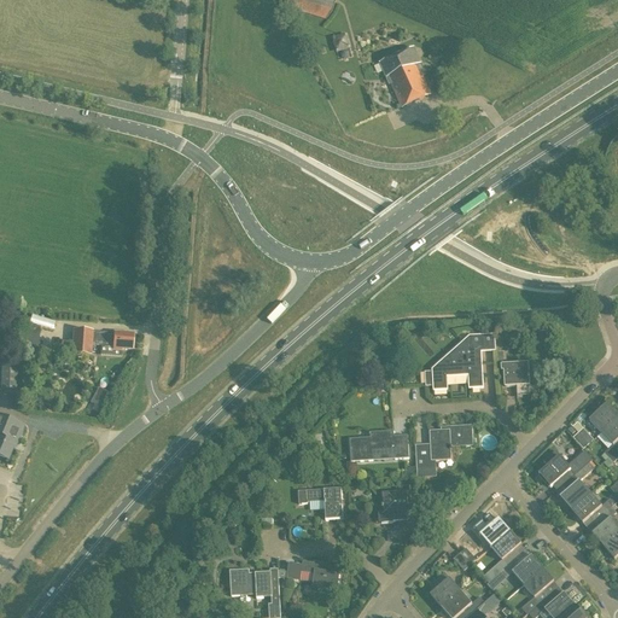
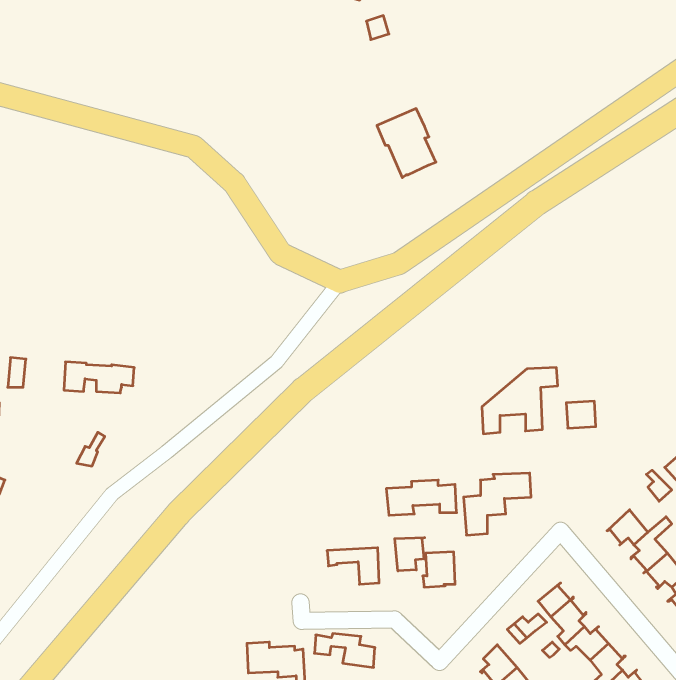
building: [380,46,431,105] -> [377,109,436,178]
building: none -> [395,538,426,571]

